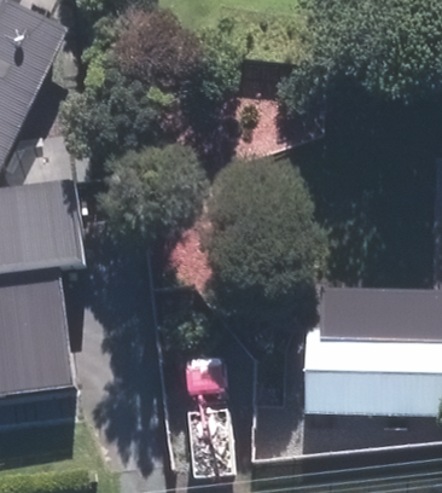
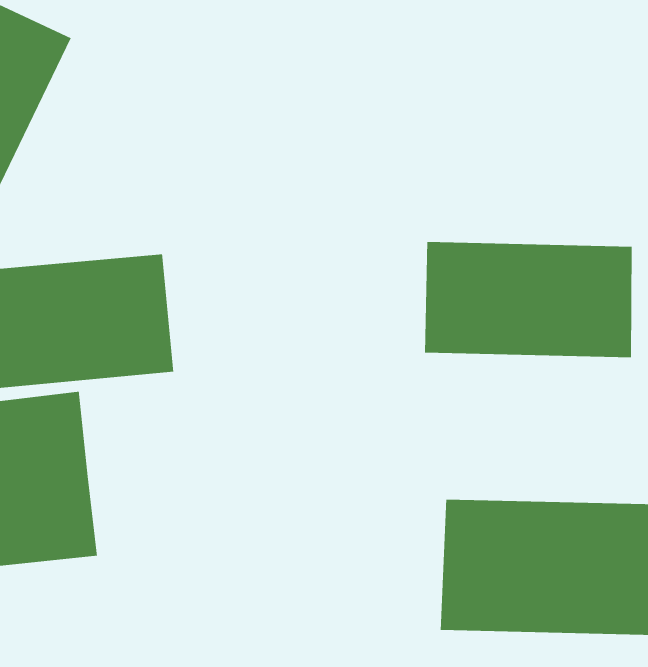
building: none -> [424,241,632,358]

